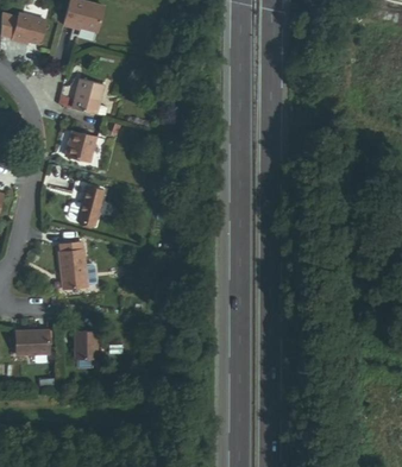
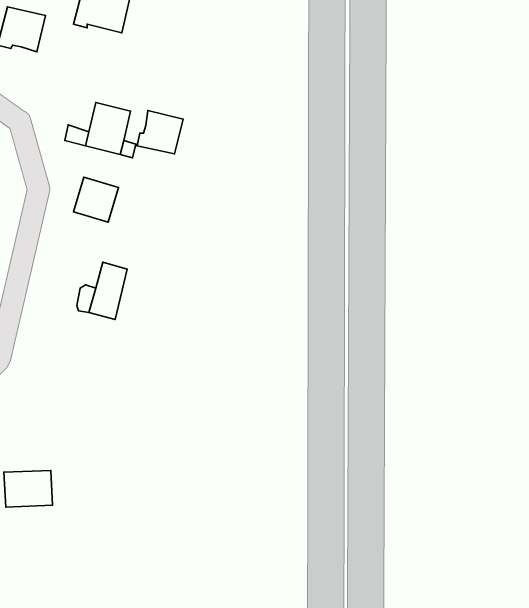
building: none -> [137,111,183,154]
building: [57,250,87,290] -> none
building: [75,329,96,356] -> none

